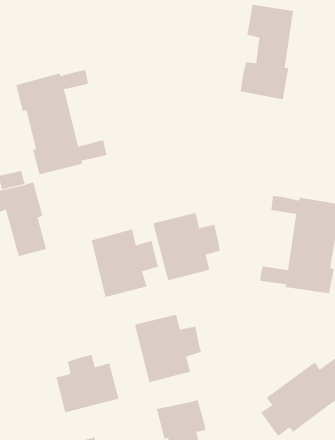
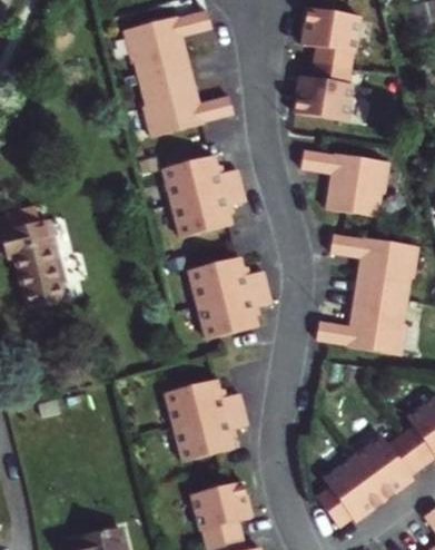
building: [16,70,108,175] -> [123,11,234,137]
building: none -> [300,149,389,216]
building: [91,229,159,298] -> [165,155,246,237]
building: [56,354,119,413] -> none

